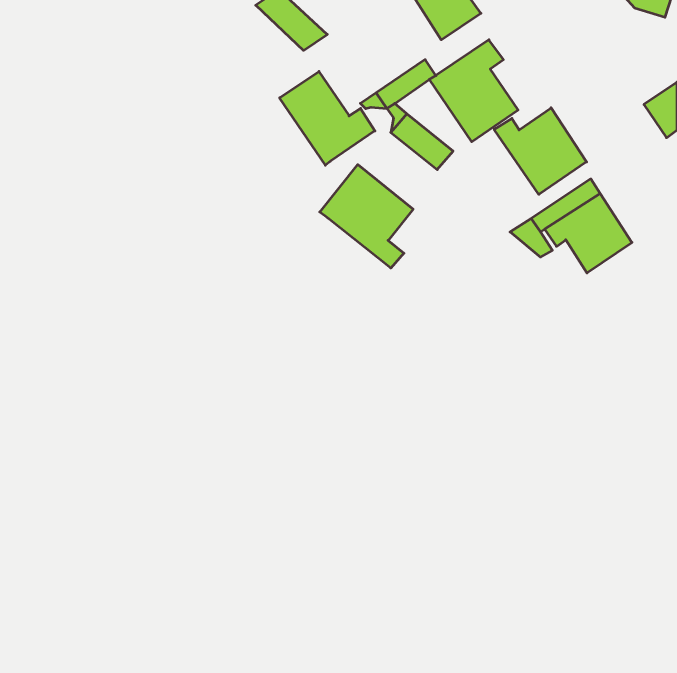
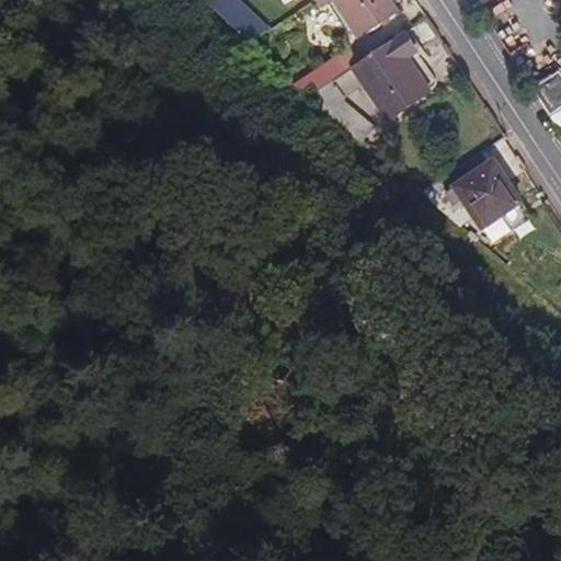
building: [280,71,375,165] -> none
building: [494,108,587,194] -> none
building: [320,165,413,268] -> none

